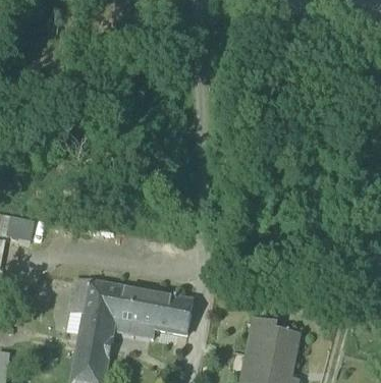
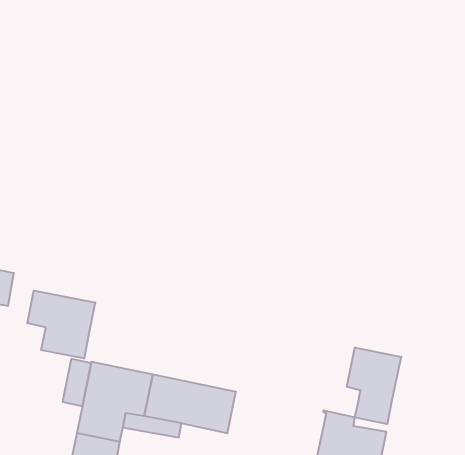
building: none -> [27,291,95,359]
building: none -> [347,347,401,424]

